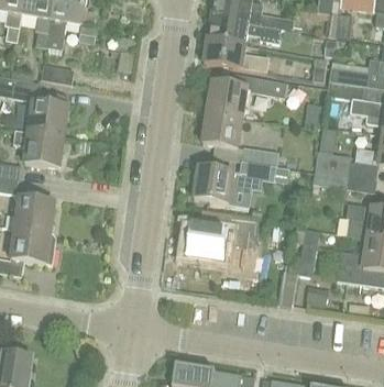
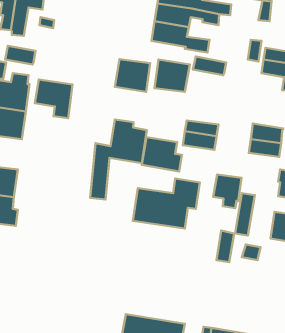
building: none -> [35,80,73,118]
building: [201,111,241,147] -> [115,59,150,92]
building: none -> [90,119,147,200]
building: none -> [213,175,242,208]

